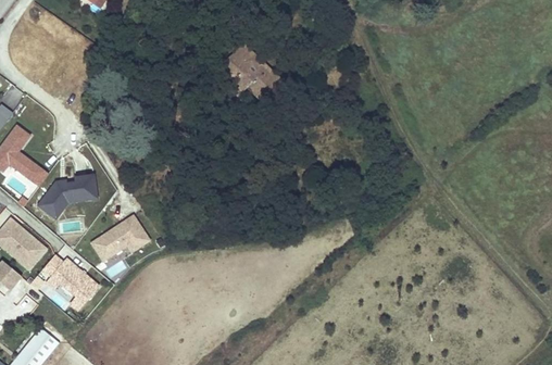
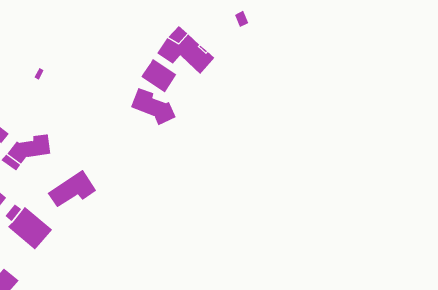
building: none -> [141,58,177,93]
building: none -> [130,87,176,126]

